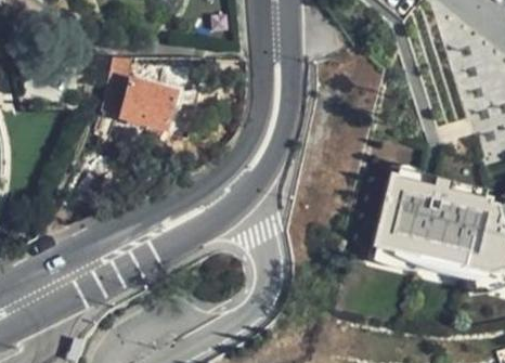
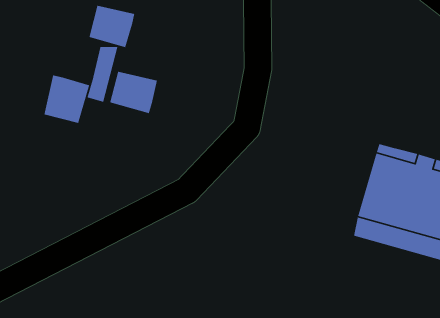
building: none -> [88,5,135,48]
building: none -> [43,75,90,124]

